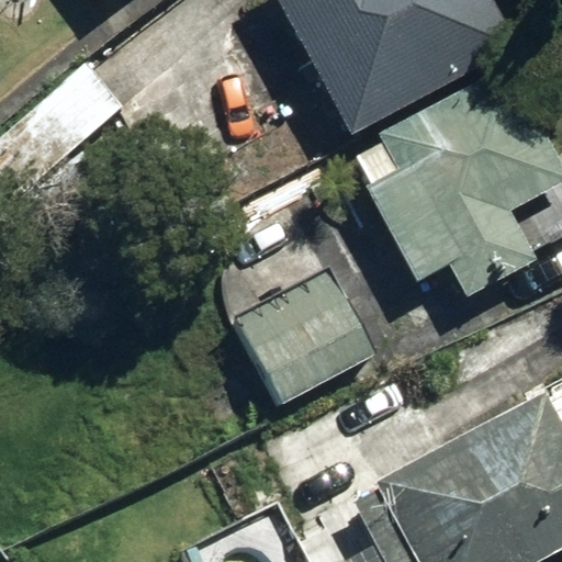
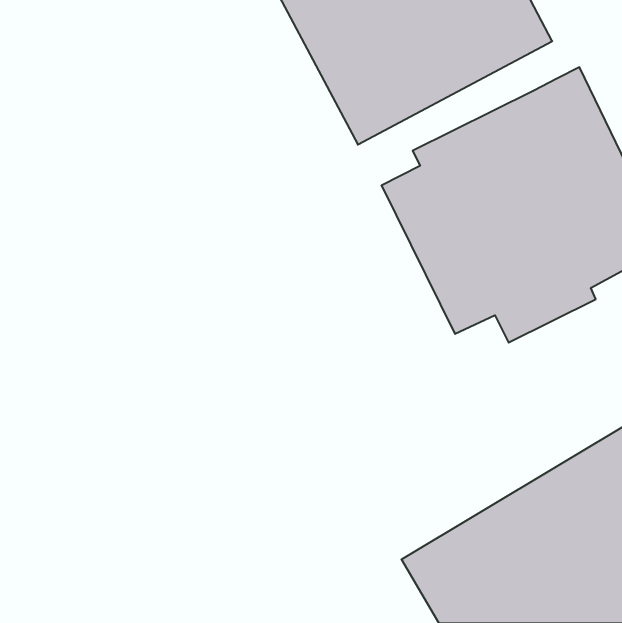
building: [238,269,383,411] -> none

